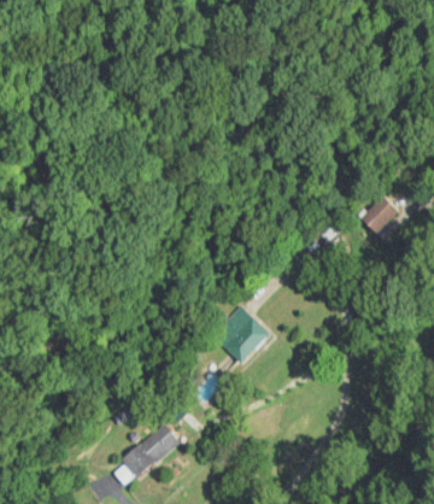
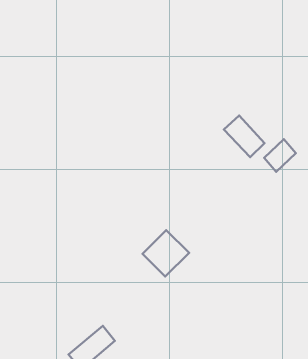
building: none -> [224,115,265,157]

